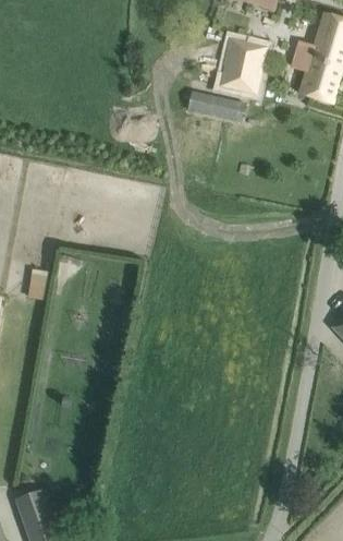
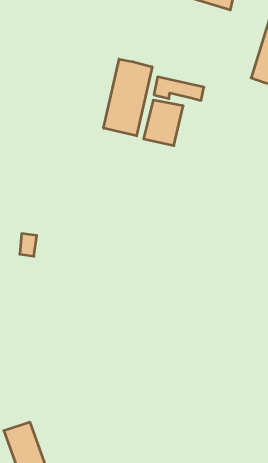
building: [220,39,266,92] -> [144,100,183,146]
building: none -> [104,59,152,136]

